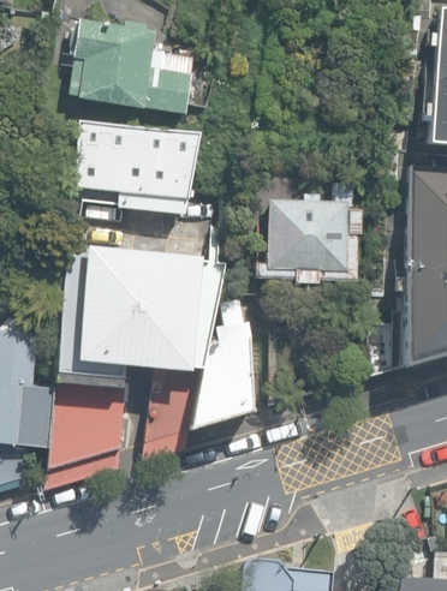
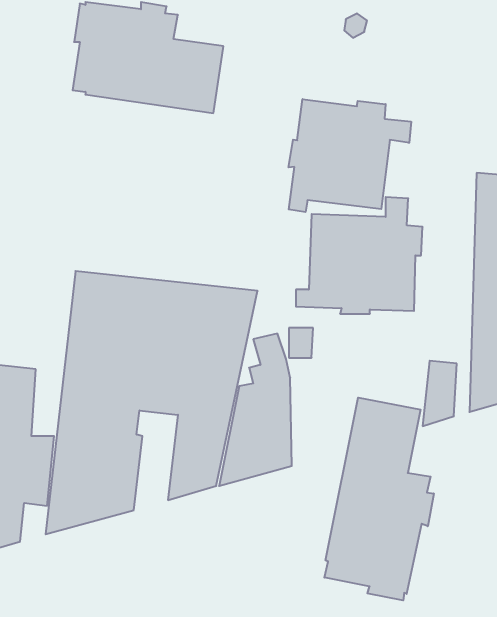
building: none -> [289,99,411,212]
building: [72,120,204,216] -> none
building: none -> [324,398,434,600]

